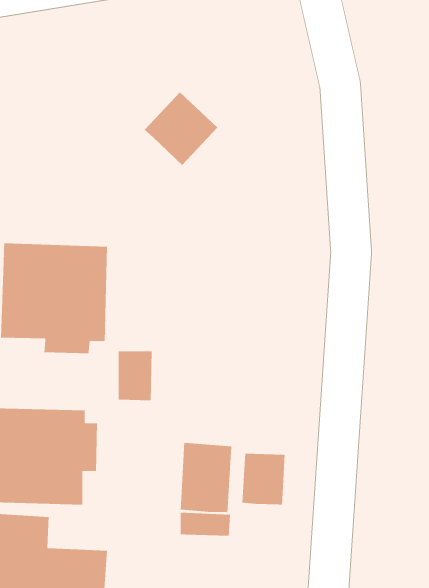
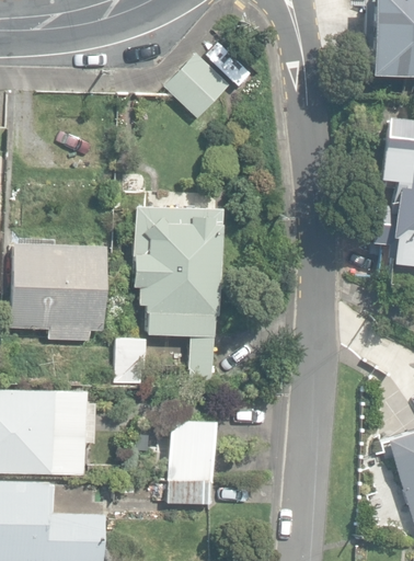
building: [144,92,218,166] -> [161,51,227,117]
building: none -> [129,205,212,374]
building: [242,453,286,506] -> none

